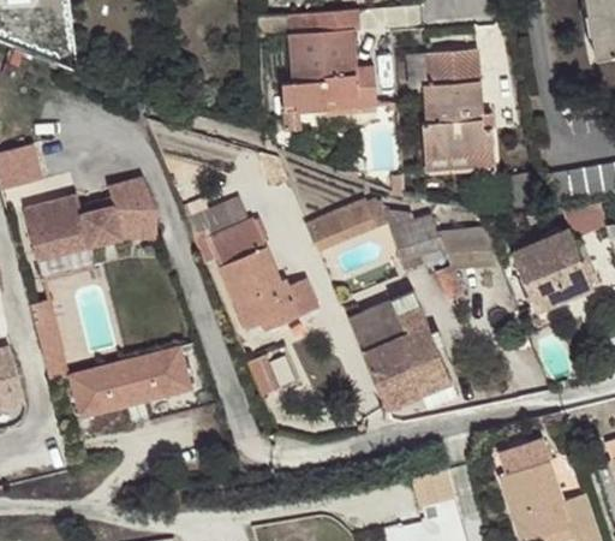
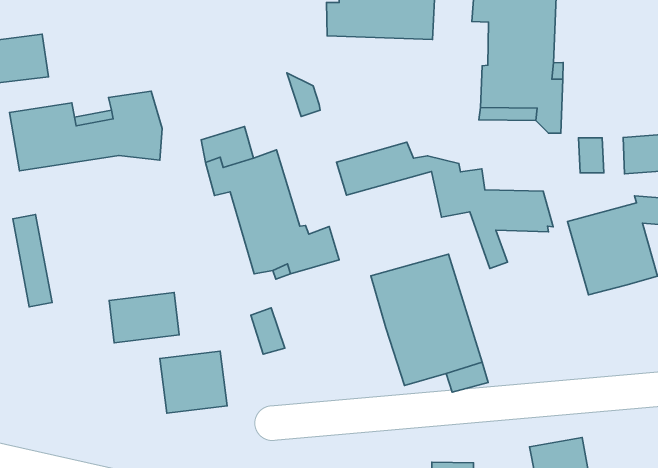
building: [71,364,132,414] -> none
building: none -> [160,351,227,413]

